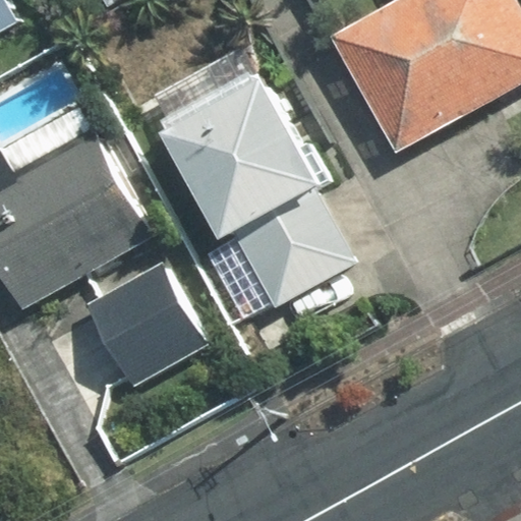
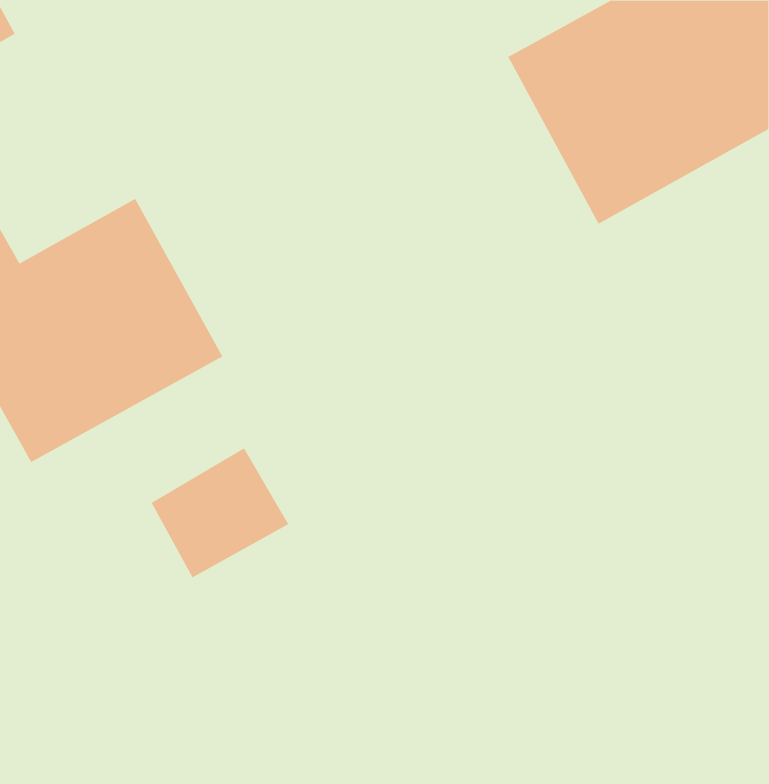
building: [170,85,351,305] -> none

